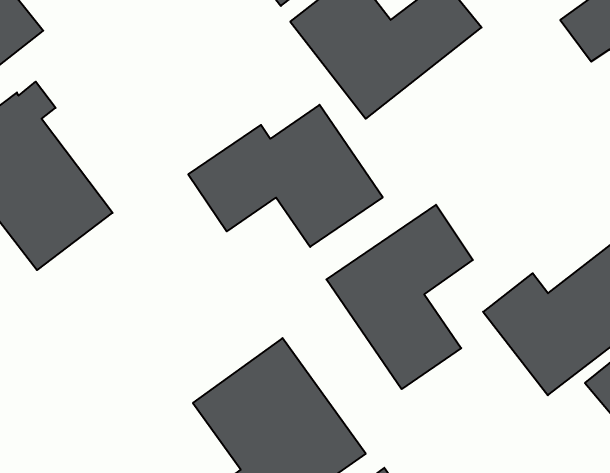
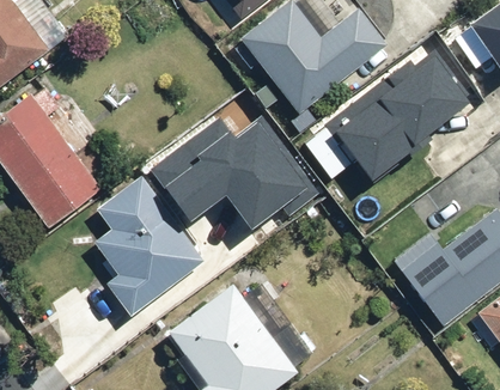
building: none -> [304,45,467,184]
building: none -> [92,165,205,316]
building: [326,205,473,389] -> none

